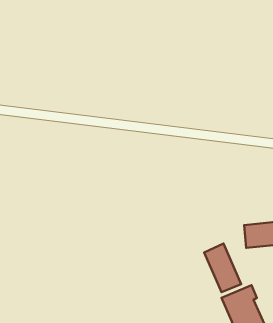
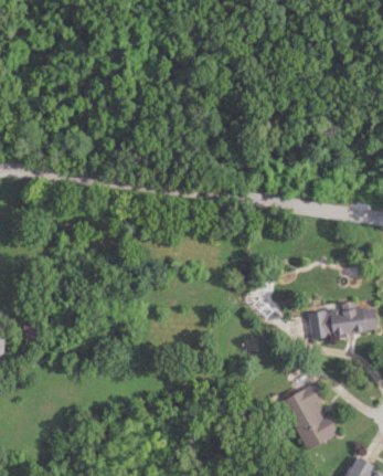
building: [204,244,241,292] -> none

